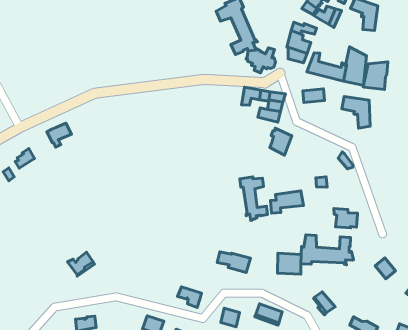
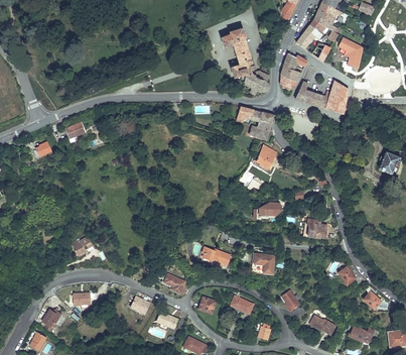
building: [363,62,388,89] -> none
building: [342,96,370,128] -> none
building: [240,177,268,220] -> none
building: [301,235,353,265] -> none

